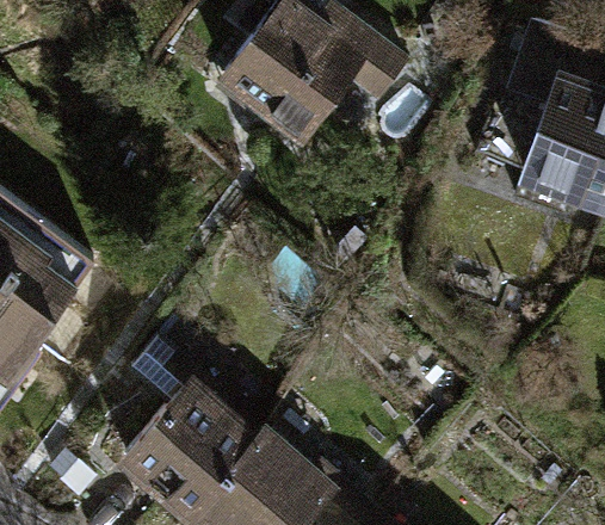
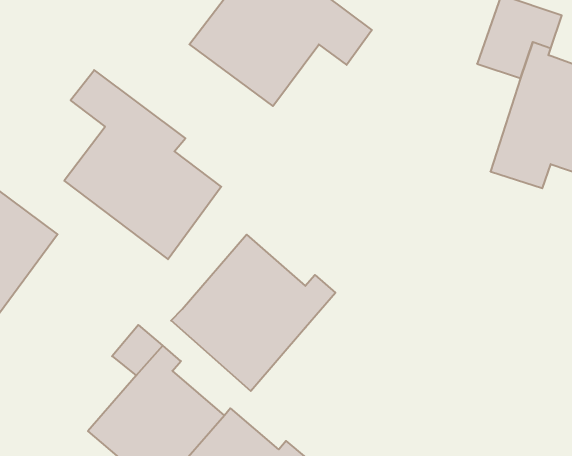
building: none -> [64,70,221,259]
building: none -> [171,235,335,391]

